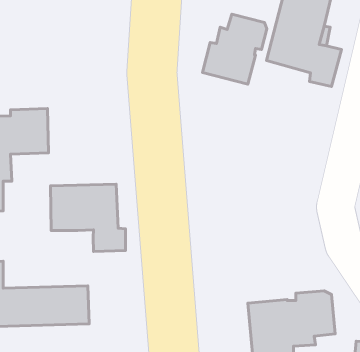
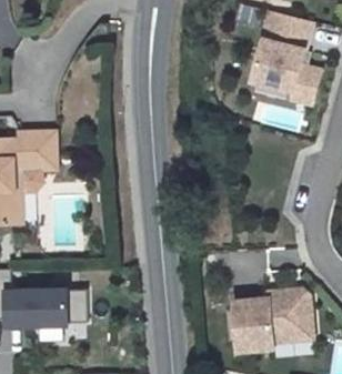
building: [203,14,267,84] -> none
building: [51,184,125,252] -> none

